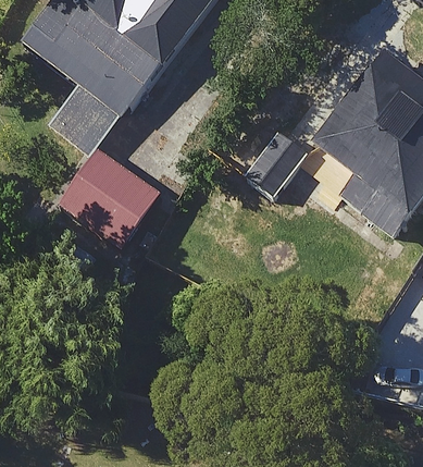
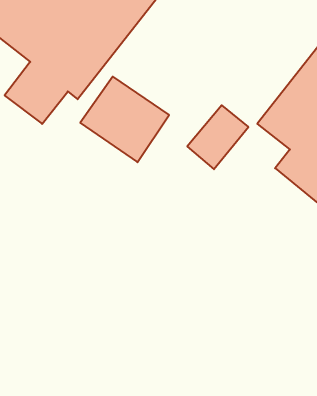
building: [63,152,161,247] -> [80,77,169,162]

